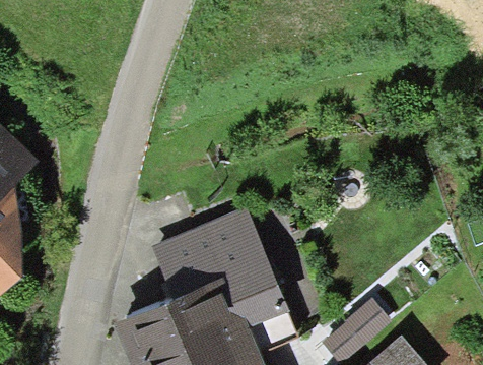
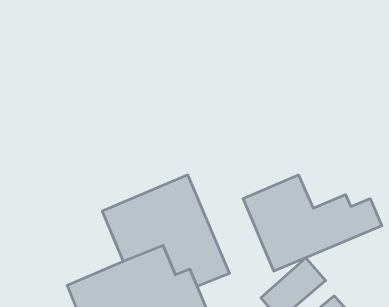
building: none -> [243,175,382,271]

